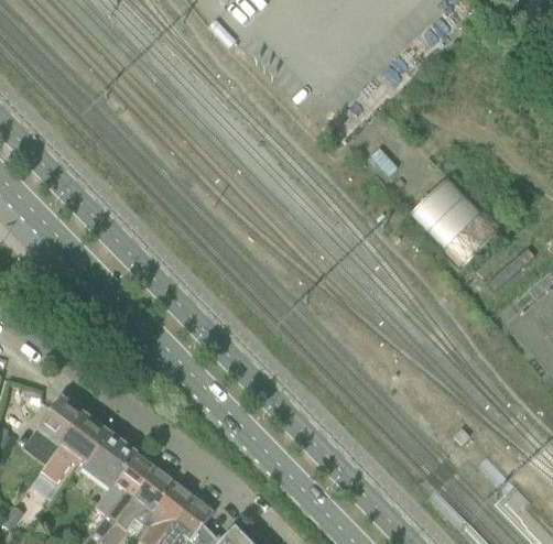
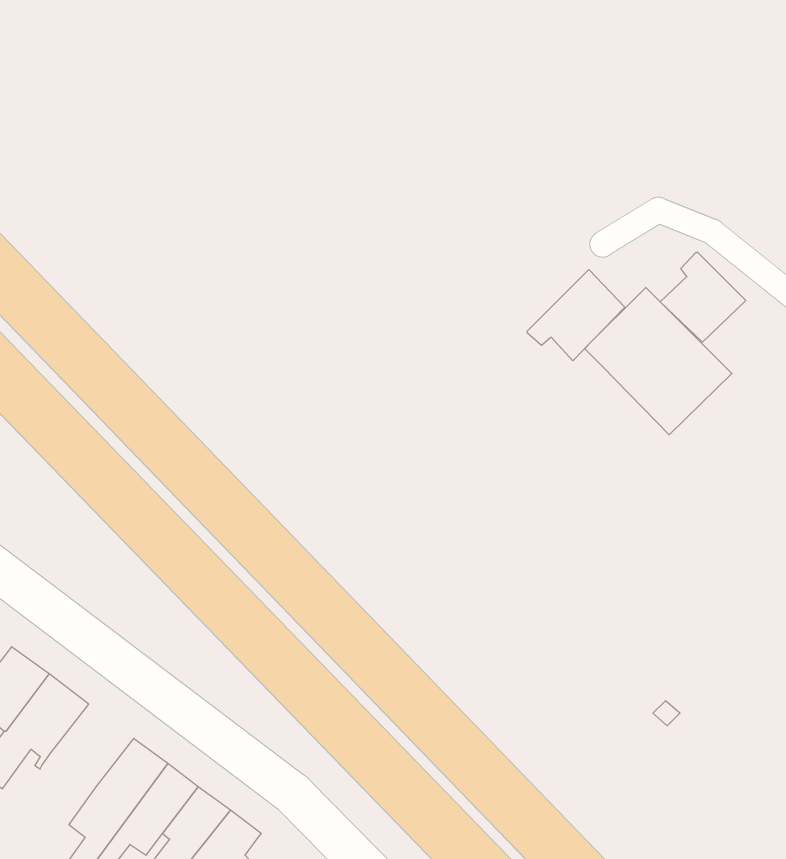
building: none -> [660,252,746,342]
building: none -> [527,270,625,361]
building: [80,432,137,489] -> none

